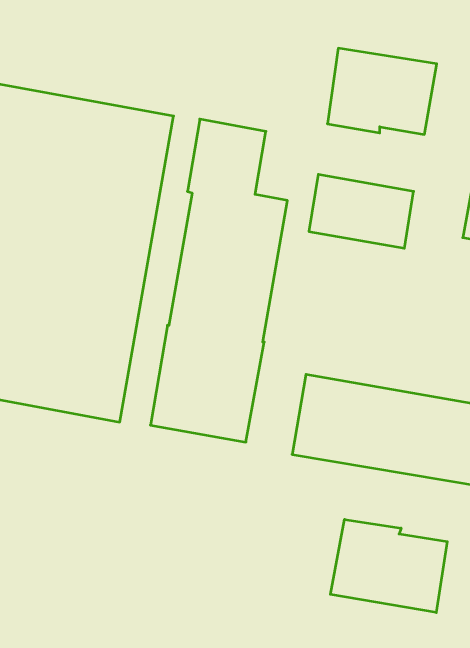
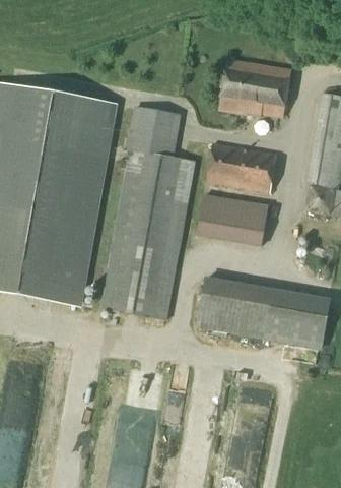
building: none -> [195,193,268,247]
building: [330,519,447,613] -> none

